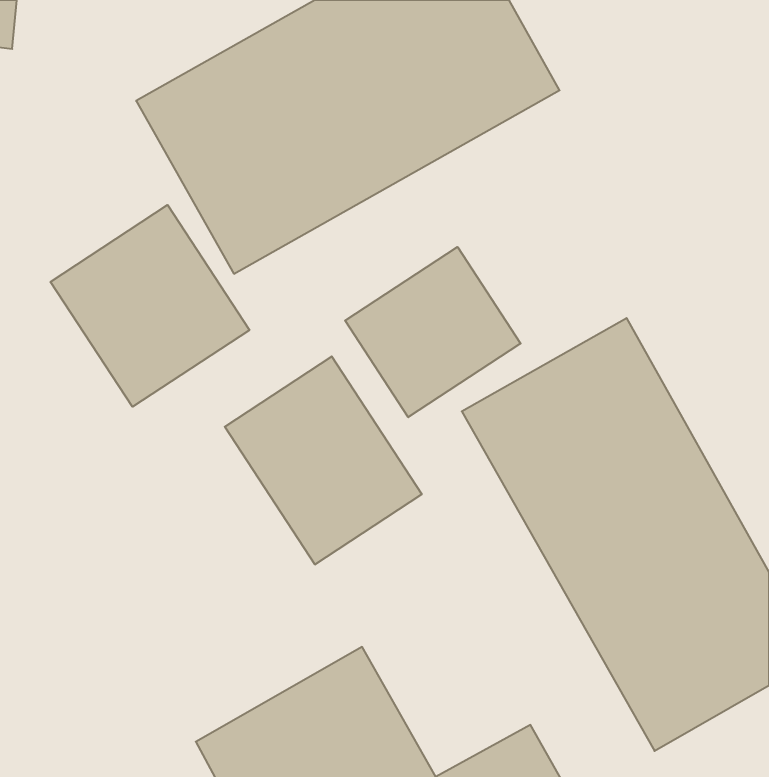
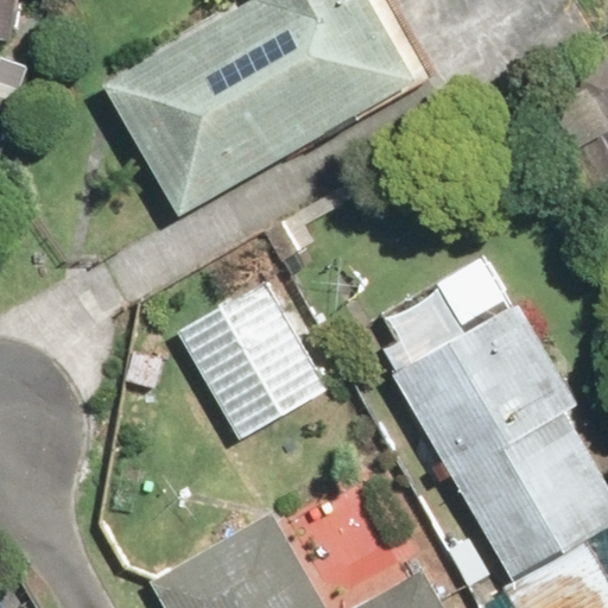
building: [51,205,249,407] -> none
building: [345,247,521,417] -> none

